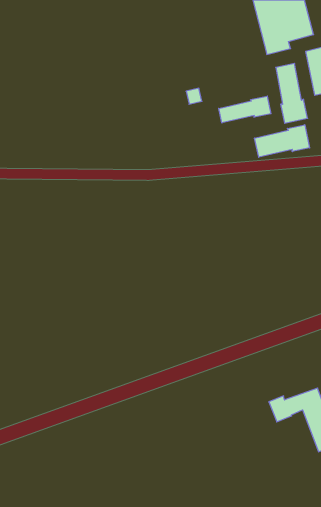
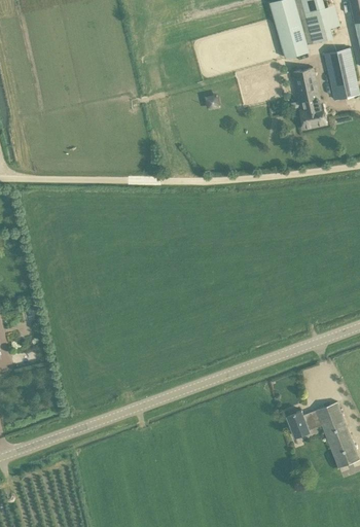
building: [219,96,271,123] -> none
building: [255,125,310,157] -> none

